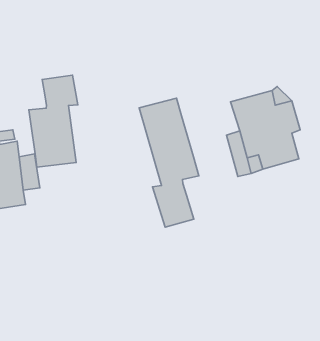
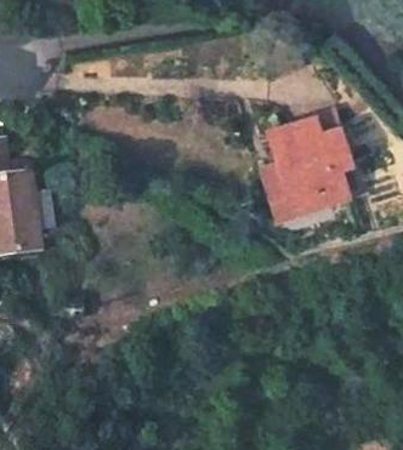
building: [29,75,78,167] -> none
building: [139,98,199,227] -> none

